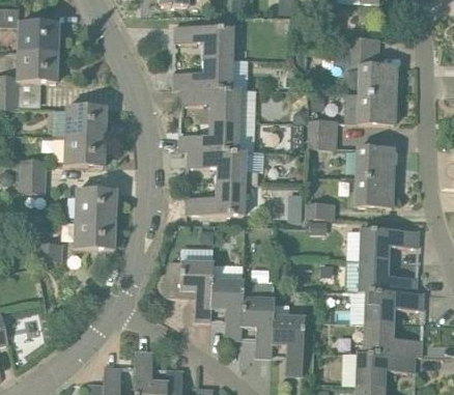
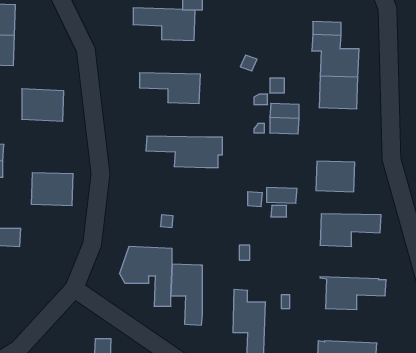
building: [172,56,240,90] -> none
building: [179,118,247,152] -> none
building: [63,135,105,166] -> none
building: [356,148,394,177] -> none
building: [186,181,246,215] -> none
building: [74,219,114,249] -> none
building: [344,259,417,292] -> none
building: [243,279,274,356] -> none
building: [363,321,422,356] -> none

